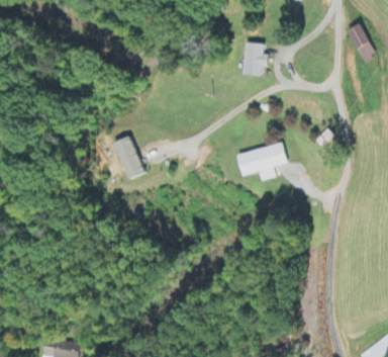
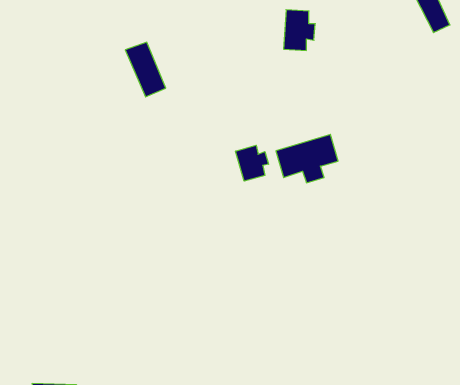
building: [113,137,146,180] -> [125,42,166,97]
building: none -> [236,145,269,181]

